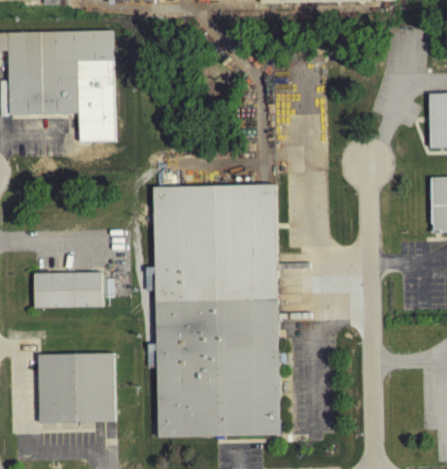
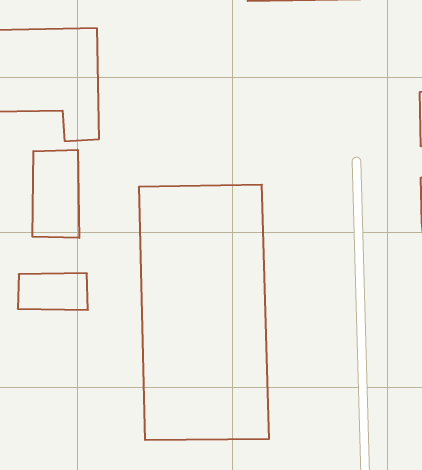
building: none -> [32,150,79,238]
building: [38,352,116,421] -> none

